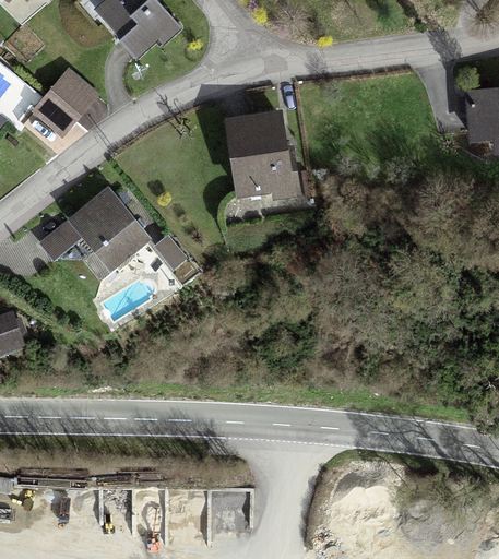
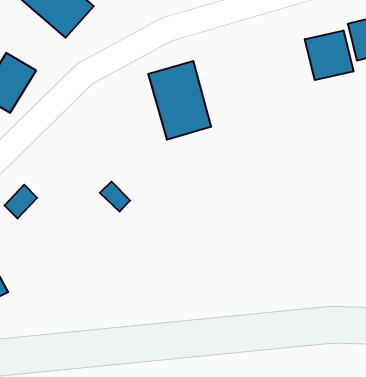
building: none -> [305,30,353,80]
building: [70,188,147,269] -> none

